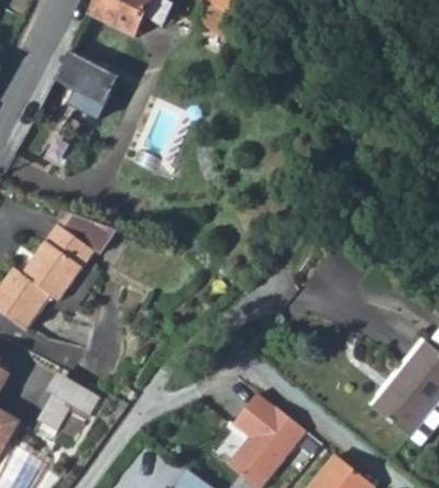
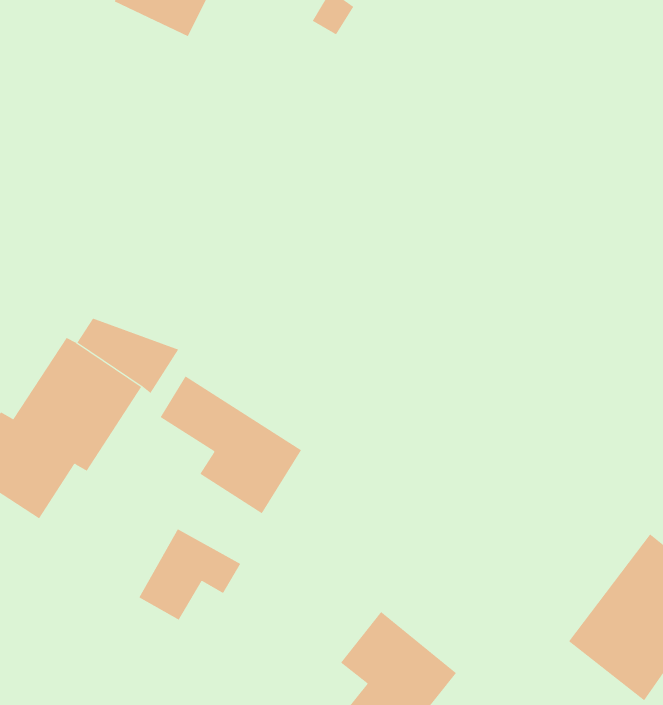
building: [55,45,122,114] -> none
building: none -> [160,375,302,514]
building: [30,371,94,429] -> [138,529,241,620]

